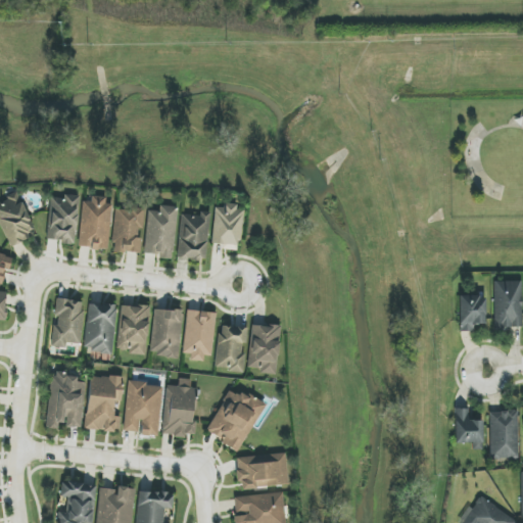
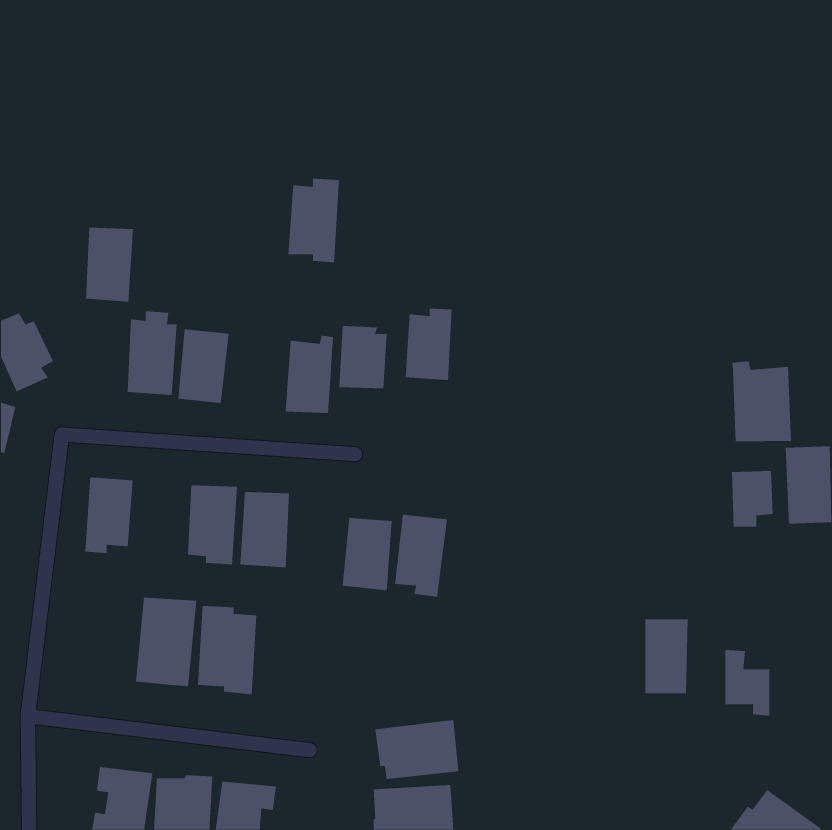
building: none -> [405,308,452,381]
building: [48,195,79,242] -> [85,227,134,302]
building: [144,205,177,258] -> [288,178,340,263]
building: none -> [732,361,792,442]
building: [84,302,117,352] -> none
building: [182,308,217,361] -> none
building: [47,372,85,429] -> none
building: [163,379,195,436] -> none
building: [205,386,265,450] -> none
building: [490,411,518,458] -> [645,619,689,694]

